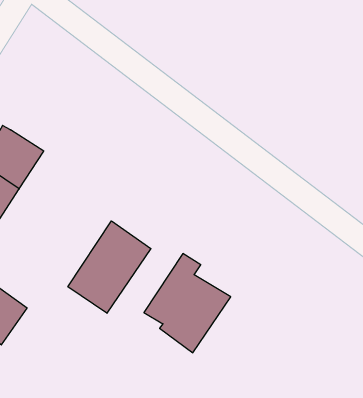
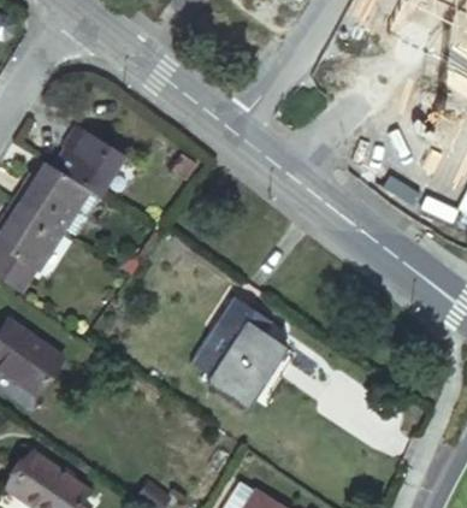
building: none -> [49,123,118,194]
building: [68,221,151,313] -> none

